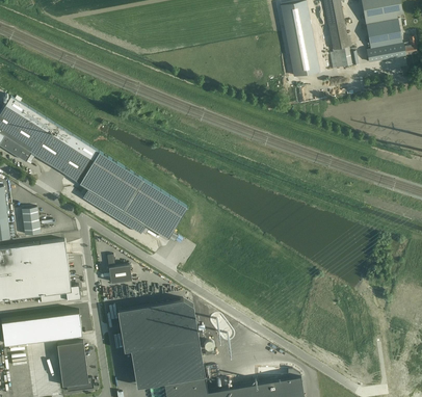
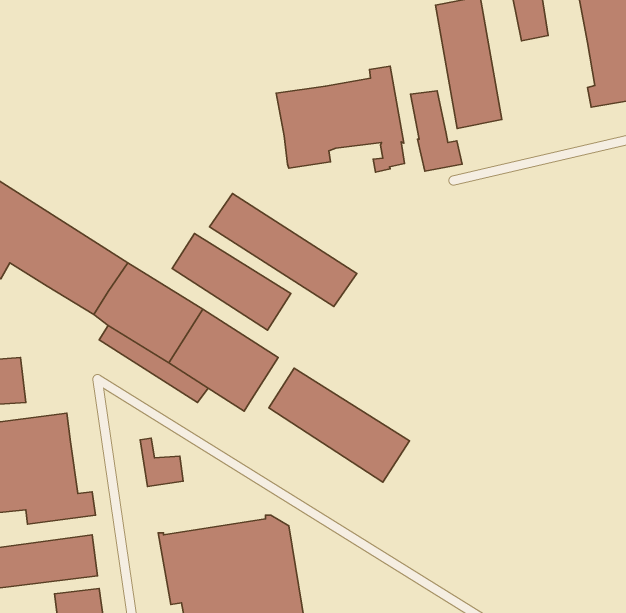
building: [327,23,358,70] -> [410,91,462,171]
building: none -> [276,66,404,172]
building: none -> [210,193,357,307]
building: none -> [172,234,291,330]
building: none -> [269,368,409,482]

